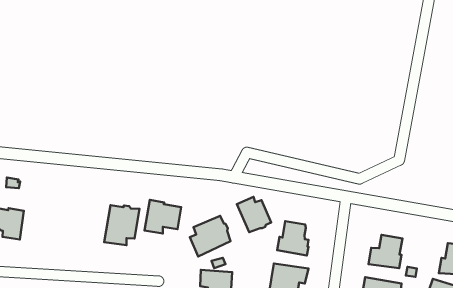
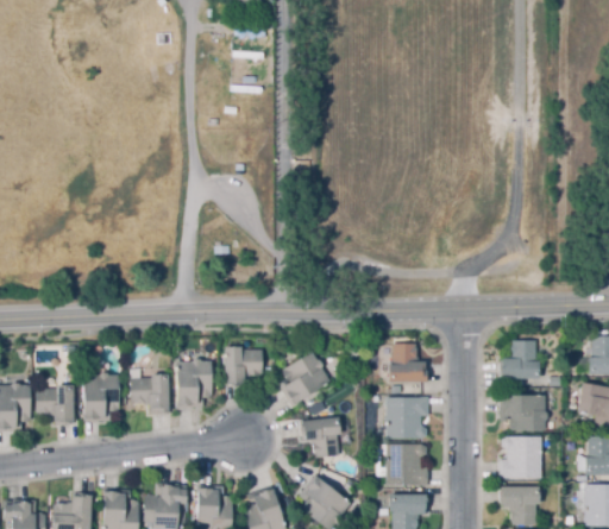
building: [237,197,271,232] -> none
building: none -> [84,373,120,421]
building: none -> [130,374,170,415]

